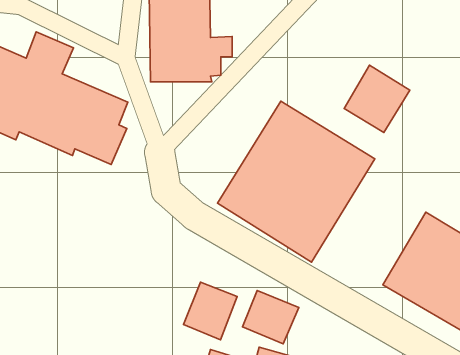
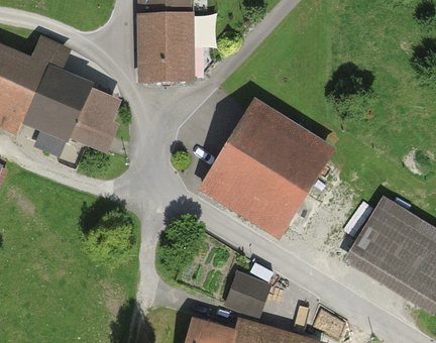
building: [344,65,410,132] -> none
building: [183,282,237,340] -> none

